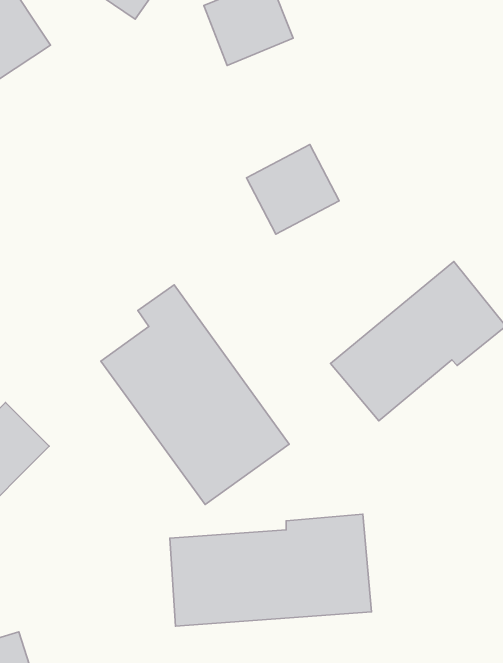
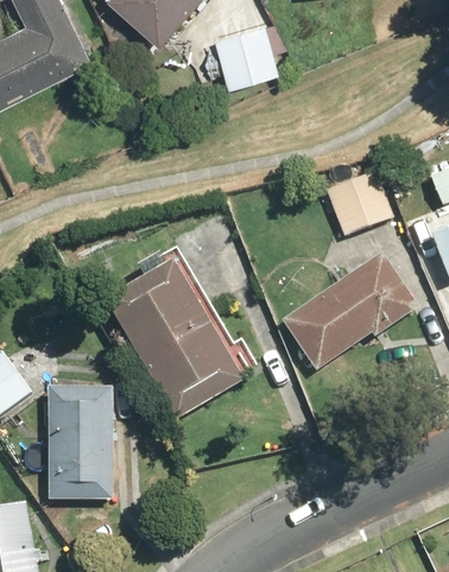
building: [246,145,339,234] -> [325,170,394,235]
building: none -> [48,384,114,501]
building: [170,514,371,626] -> none

